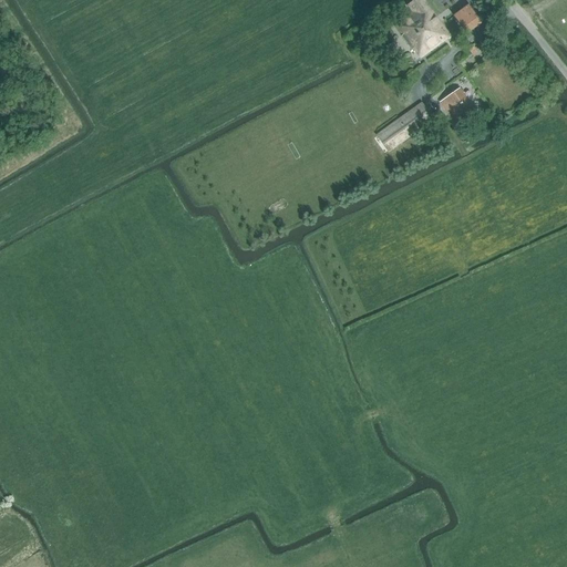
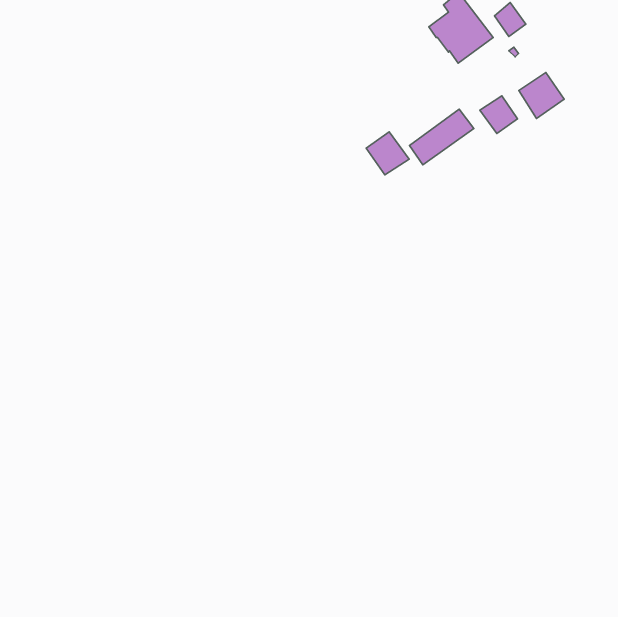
building: none -> [519,72,564,118]
building: none -> [366,132,409,175]

